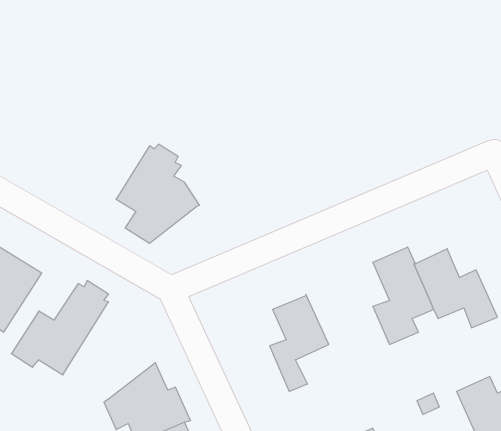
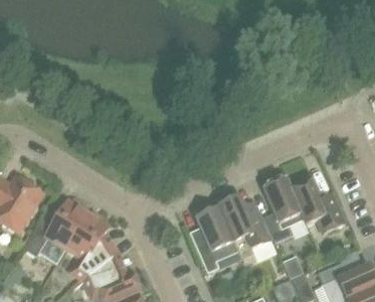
building: [116,144,200,243] -> [65,212,121,278]
building: none -> [217,197,272,258]

